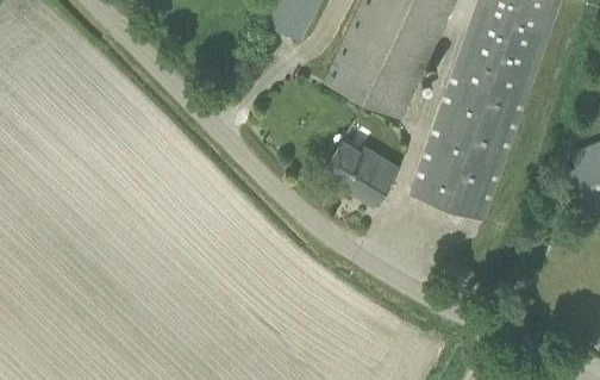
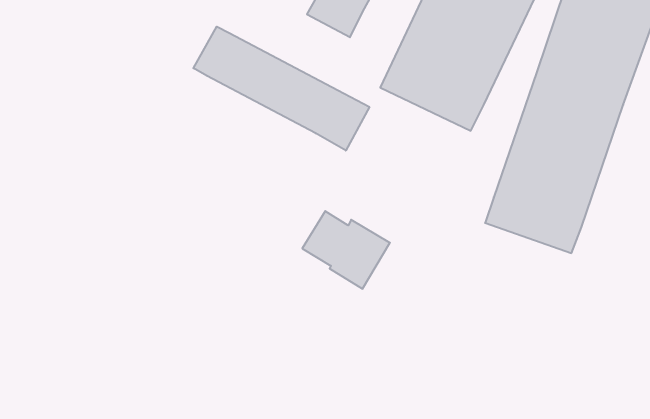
building: none -> [193,27,369,151]
building: [323,141,395,205] -> [302,211,390,289]

